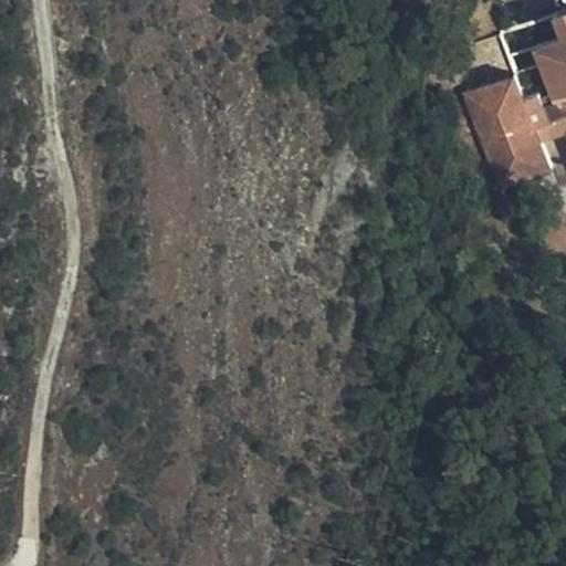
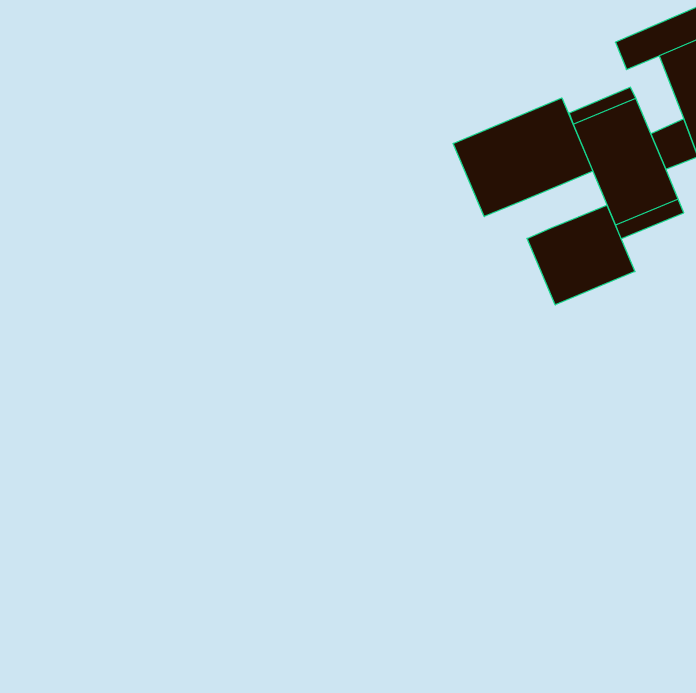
building: none -> [453,98,593,217]
building: none -> [527,205,635,305]

